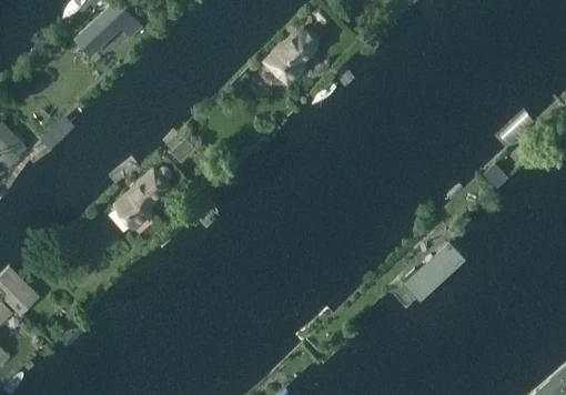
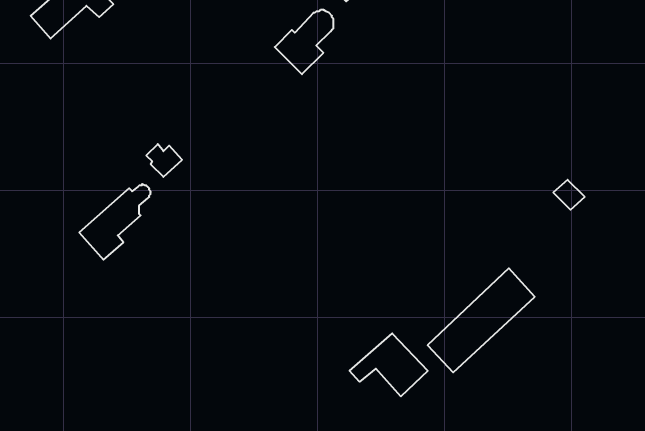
building: none -> [350,333,428,396]

